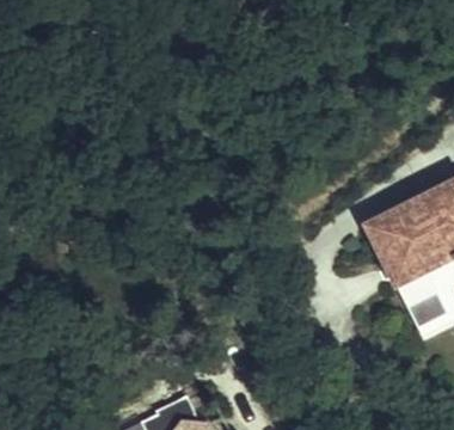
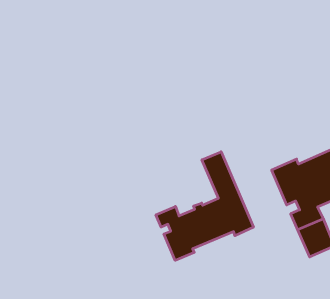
building: none -> [156,152,253,260]

